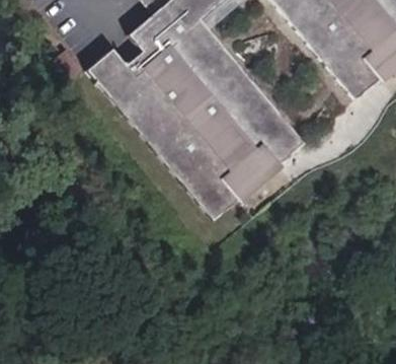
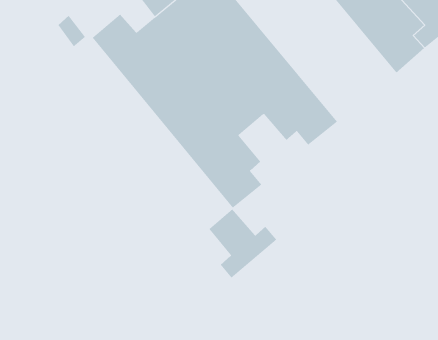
building: [217,137,278,199] -> [208,209,277,278]

